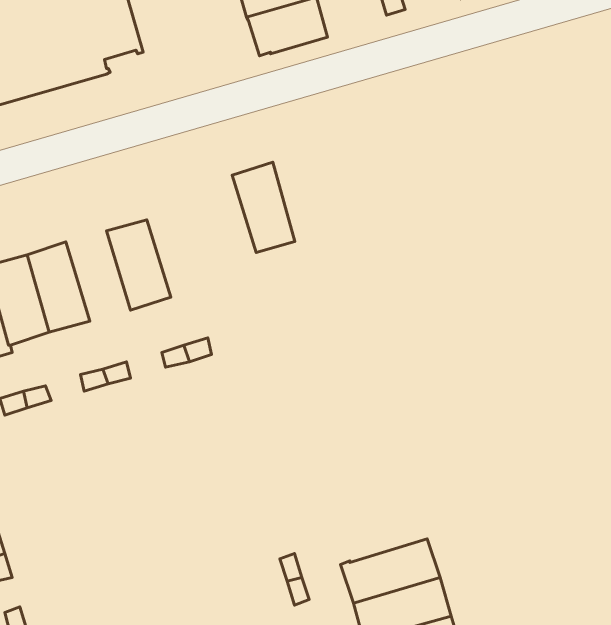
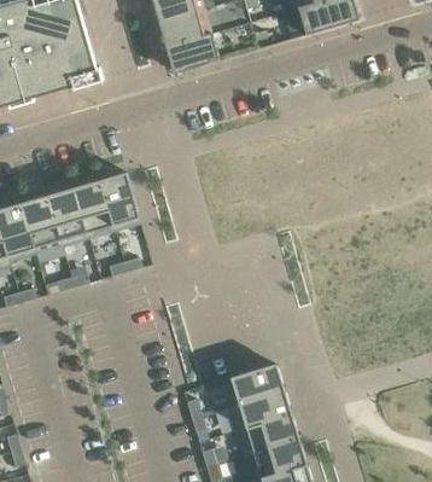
building: [232,162,295,253] -> [100,170,141,230]
building: none -> [47,186,89,245]
building: none -> [224,362,284,403]

